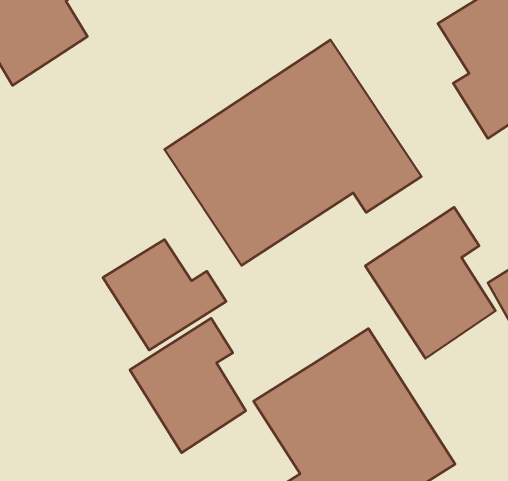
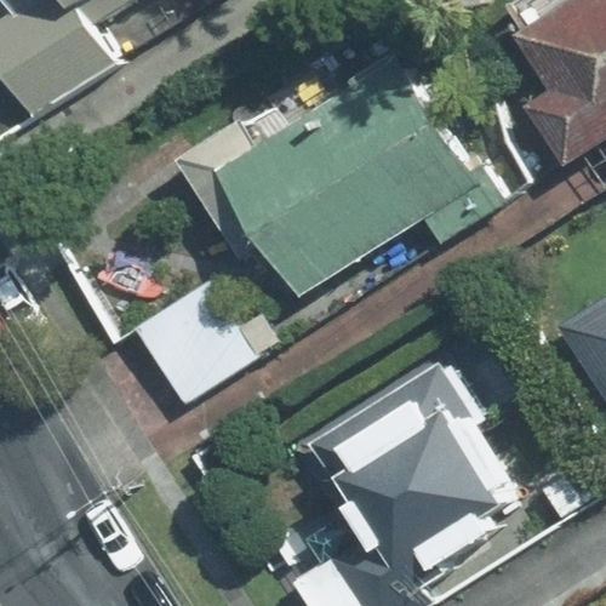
building: [365,207,496,359] -> none
building: [130,318,246,453] -> none

